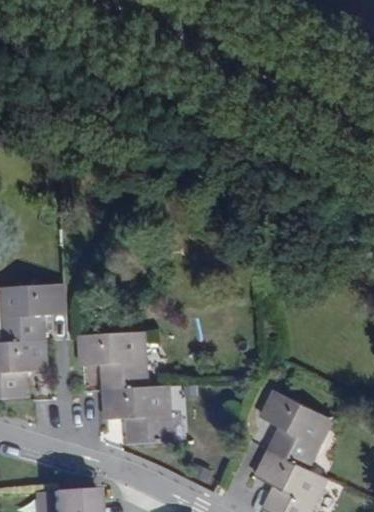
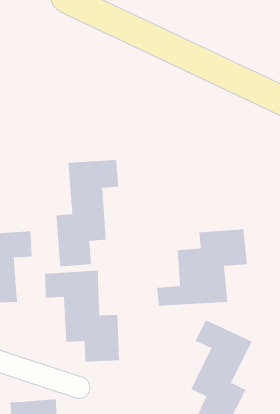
building: none -> [56,159,119,267]
building: none -> [157,229,248,307]

